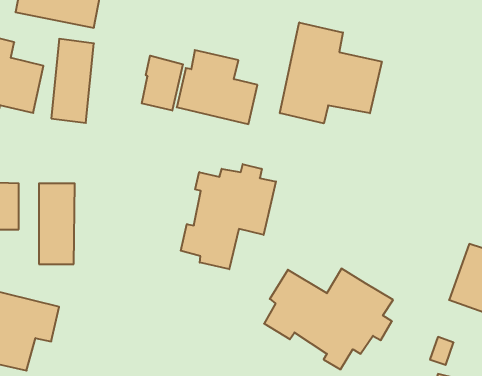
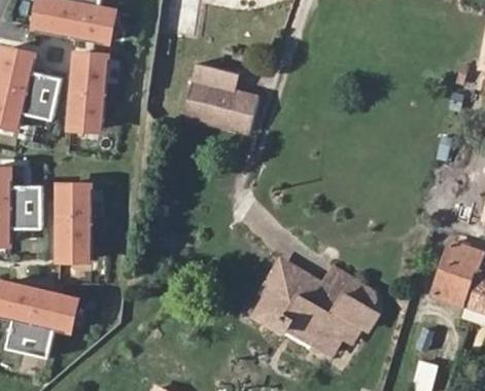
building: [280,22,382,123] -> none
building: [142,56,183,111] -> none
building: [181,164,276,269] -> none

